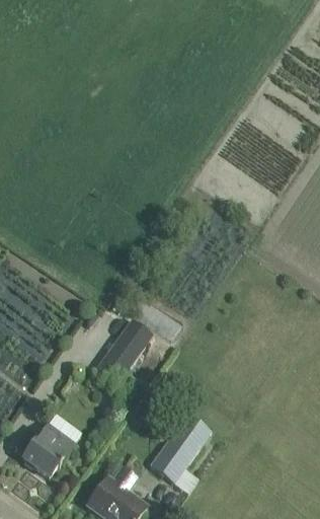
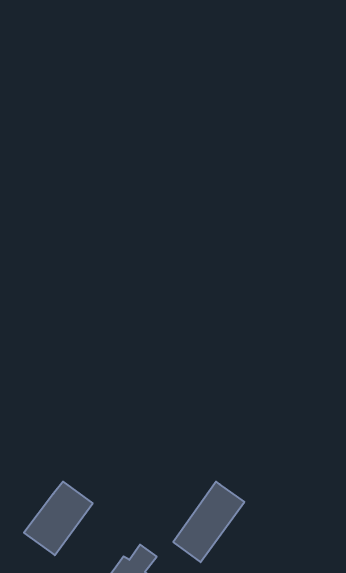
building: [96,319,153,384] -> none

